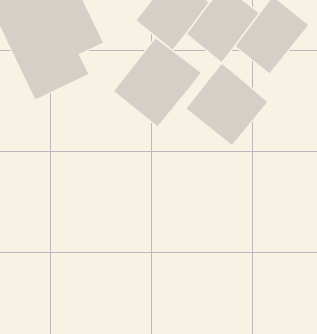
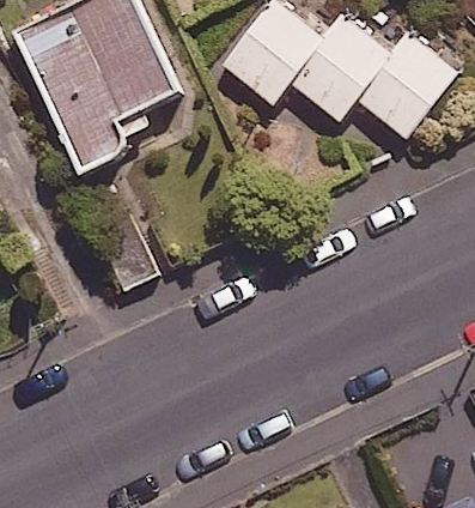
building: [113,37,202,127] -> none
building: [186,63,268,146] -> none

